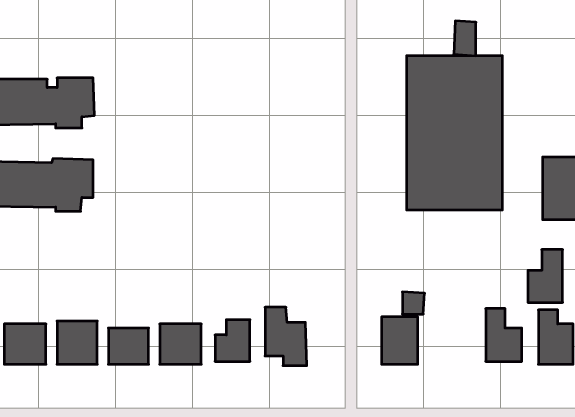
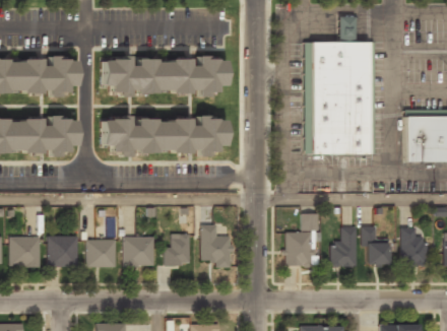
building: none -> [101,57,224,95]
building: none -> [101,117,224,156]
building: [528,250,563,302] -> [330,227,356,266]

